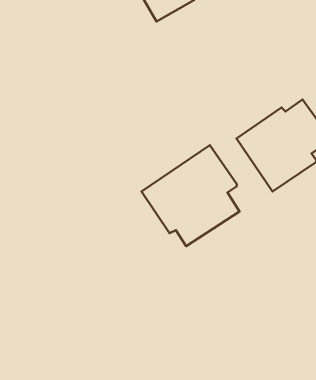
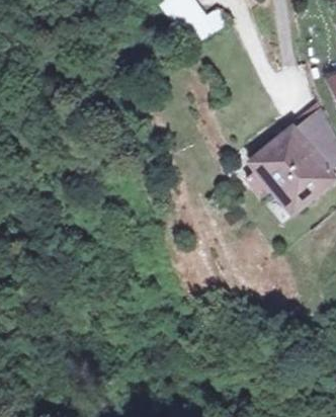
building: [142,145,240,246] -> none

